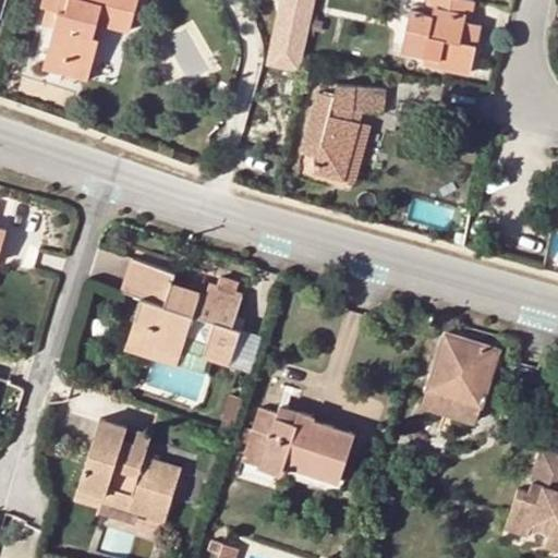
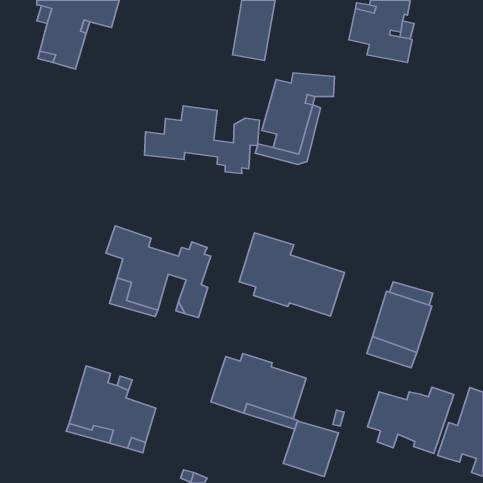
building: none -> [144,106,260,174]
building: none -> [239,233,345,316]
building: none -> [367,387,454,454]
building: none -> [283,421,338,477]

